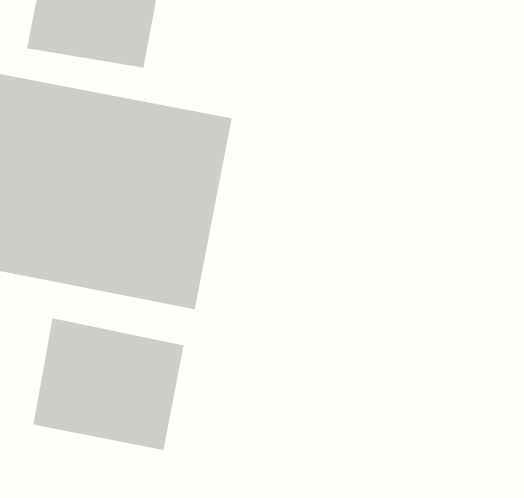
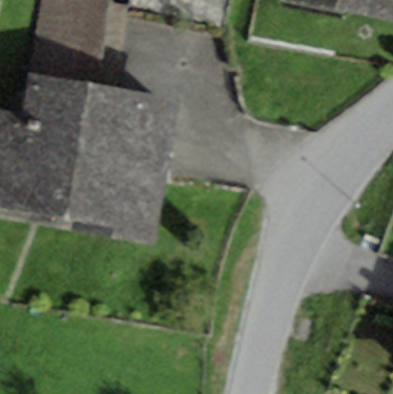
building: [33,318,184,451] -> none

